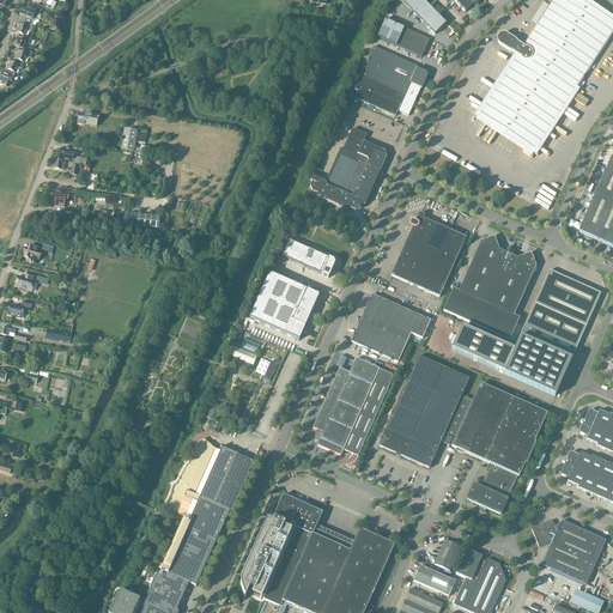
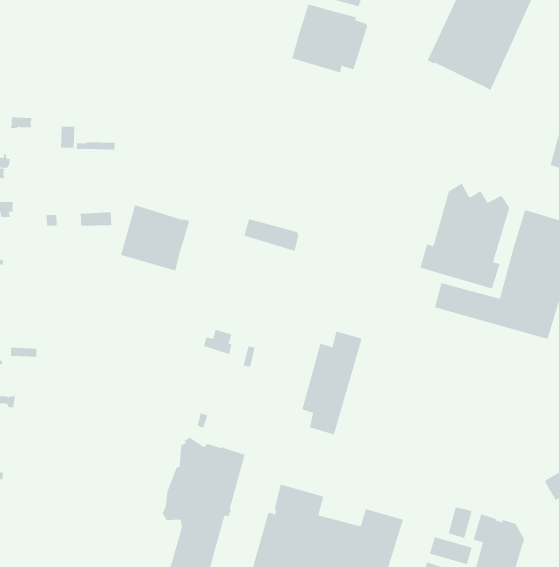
building: [311,127,388,210] -> none
building: [392,211,467,296] -> none
building: [250,271,321,339] -> [120,205,190,271]
building: [352,293,431,360] -> none
building: [380,354,548,512] -> none

